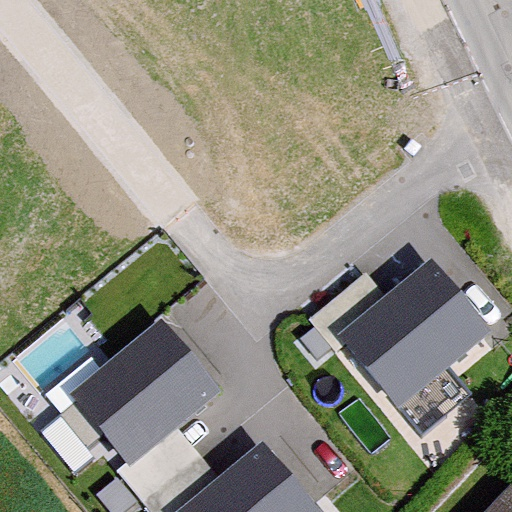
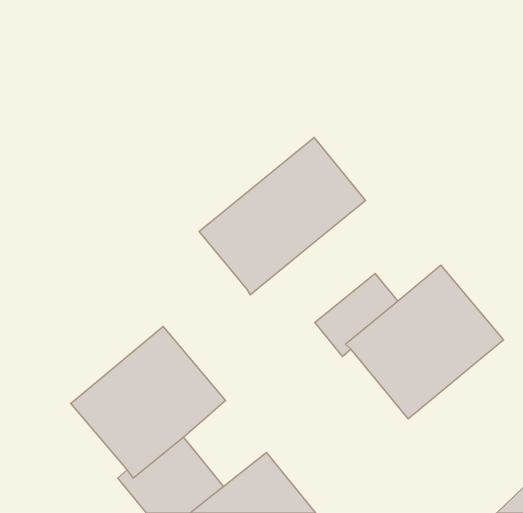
building: none -> [199,137,365,295]

